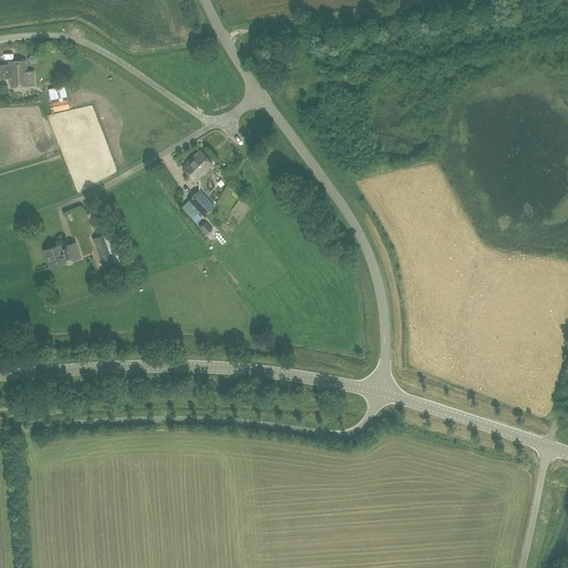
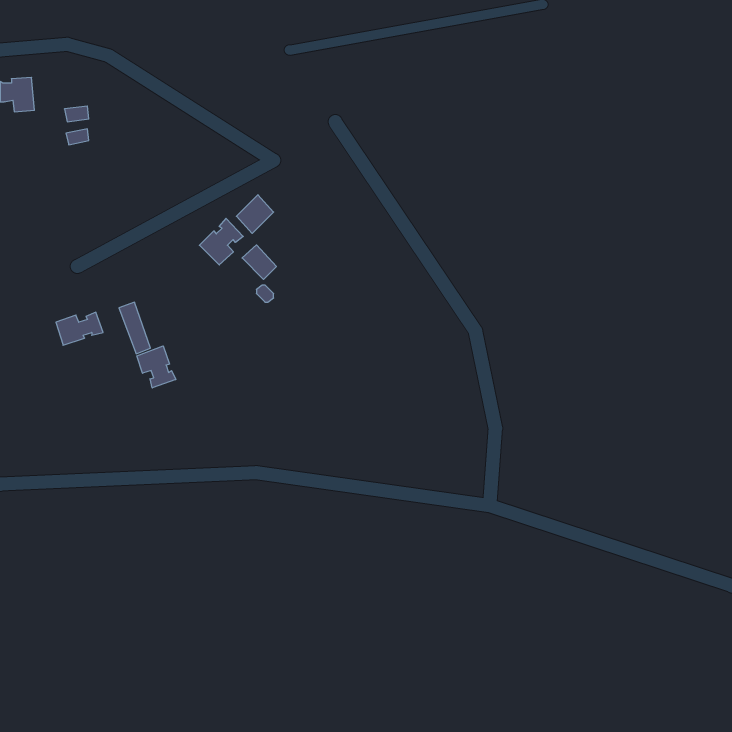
building: none -> [199,218,243,265]
building: none -> [137,346,176,388]

